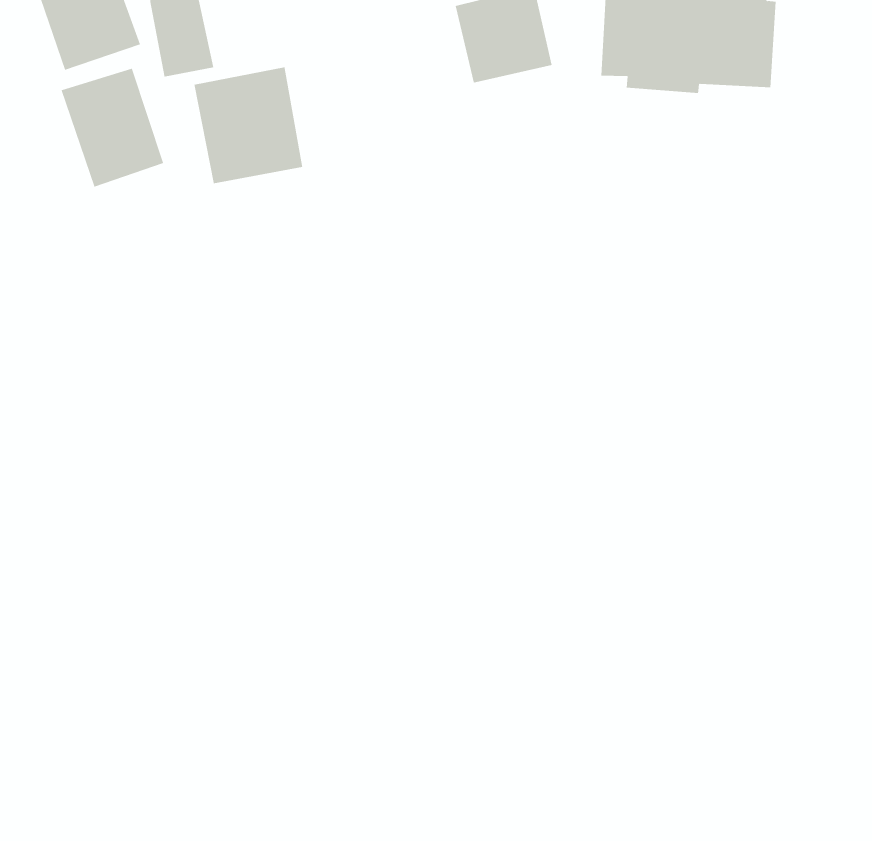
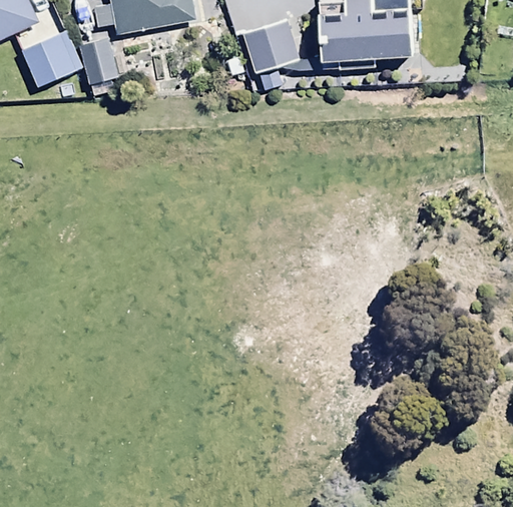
building: [194,66,303,184] -> none
building: [61,68,164,187] -> none

